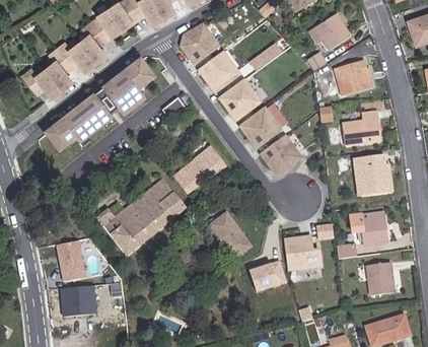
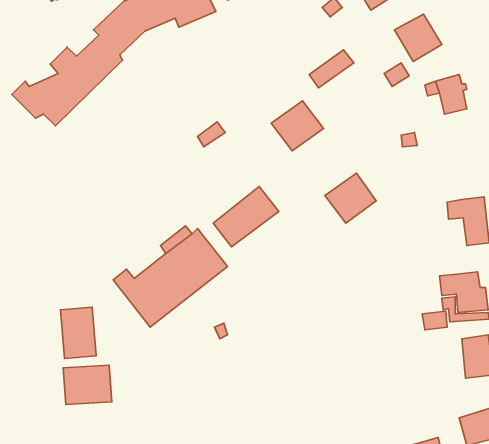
building: [182,24,219,63] -> none
building: [200,52,239,91] -> none
building: [41,56,156,152] -> none
building: [241,108,281,147] -> none
building: [344,110,381,144] -> none
building: [211,213,252,258] -> none
building: [285,235,322,268] -> none
building: [247,258,288,291] -> none

